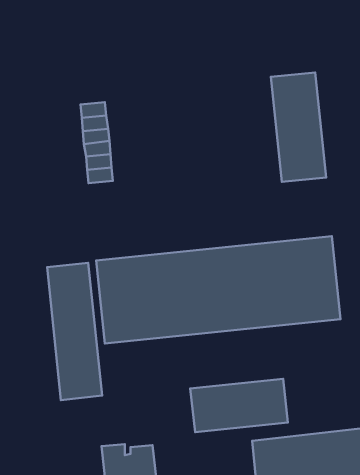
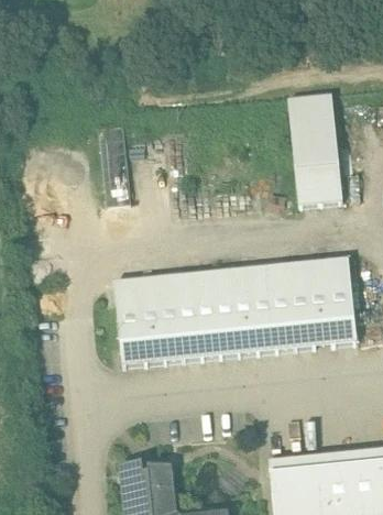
building: [47,263,102,400] -> none
building: [190,379,288,432] -> none

